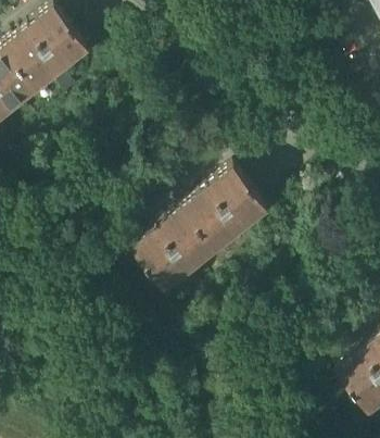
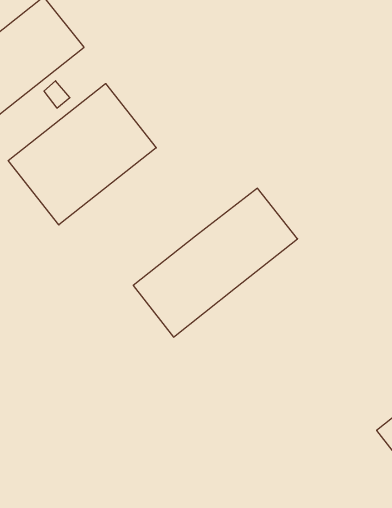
building: none -> [8,84,156,225]

